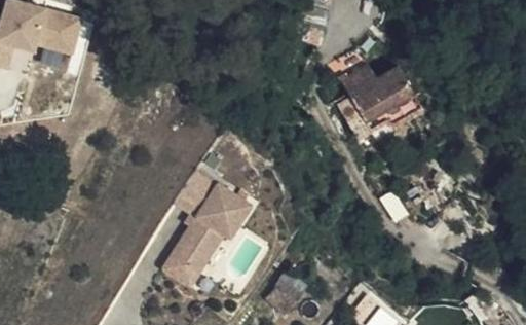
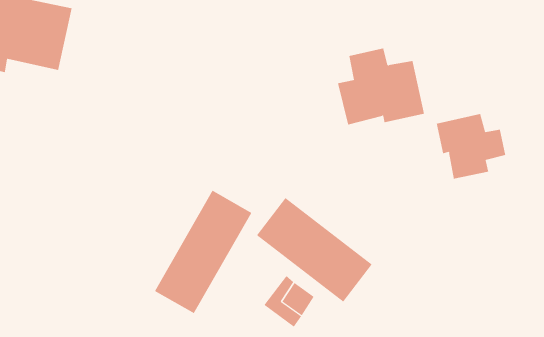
building: none -> [436,113,506,180]
building: none -> [256,197,373,302]

